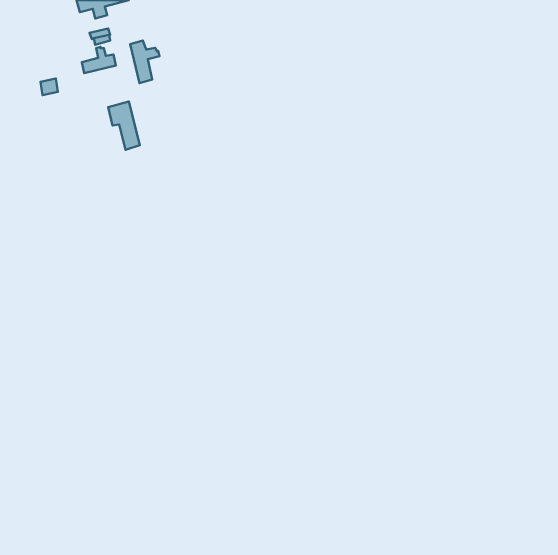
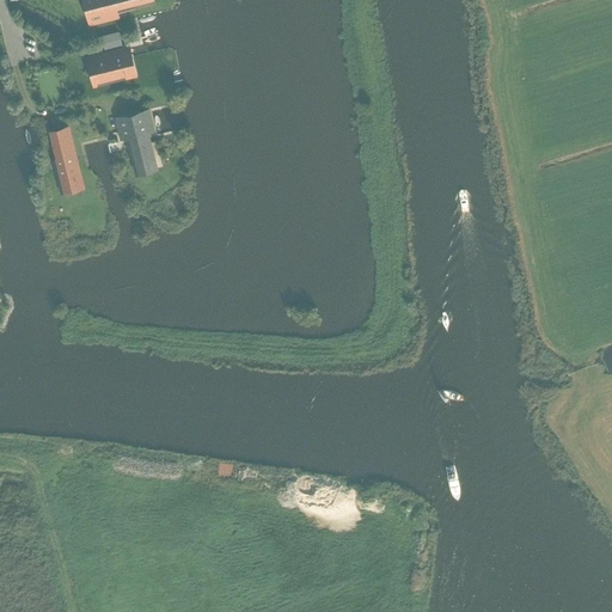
building: [130,41,159,83] -> none
building: none -> [50,131,82,192]

